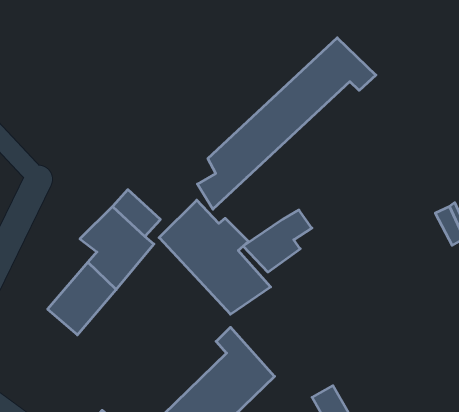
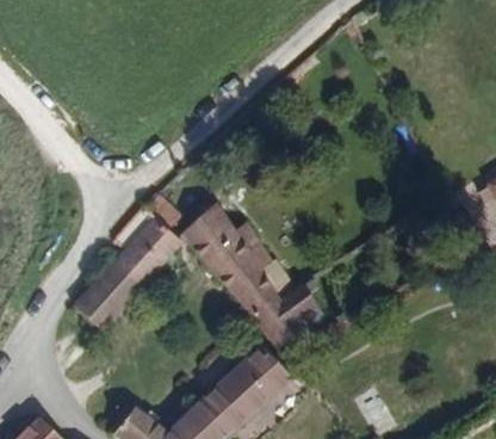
building: [197,38,376,209] -> none
building: [243,210,312,272] -> [261,282,324,339]

